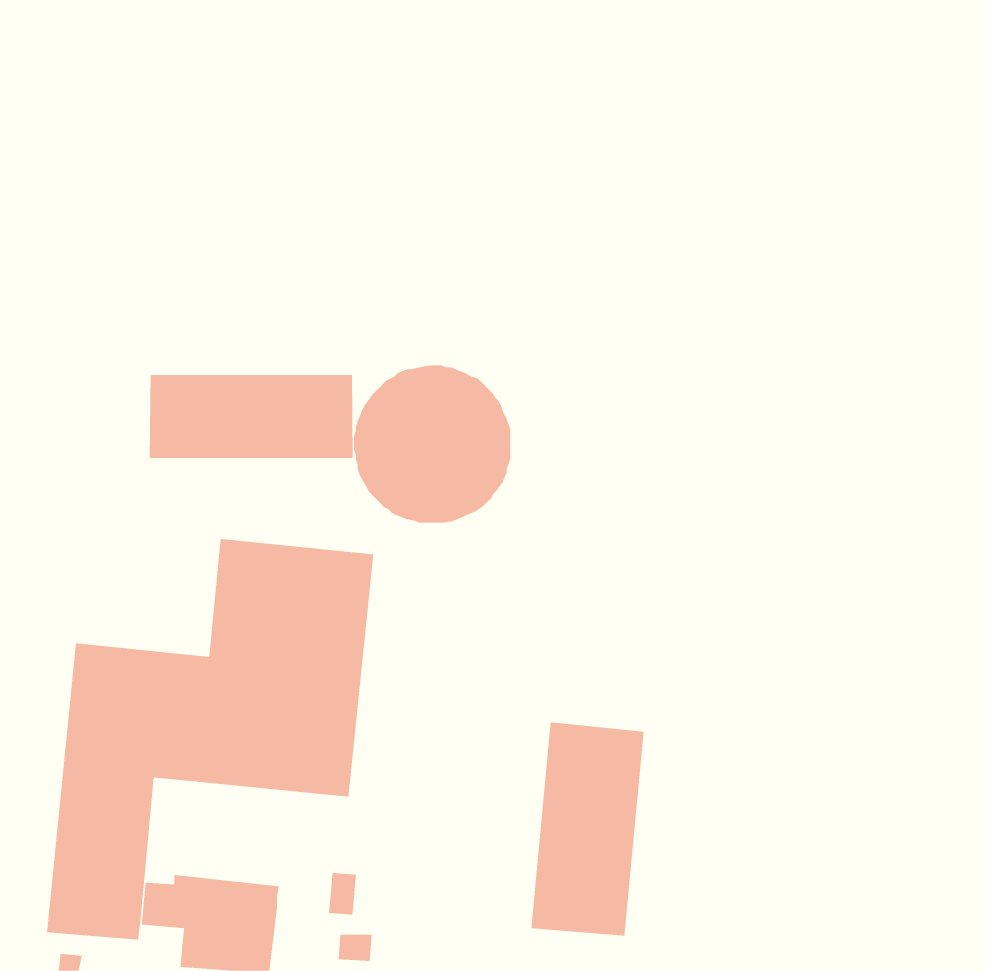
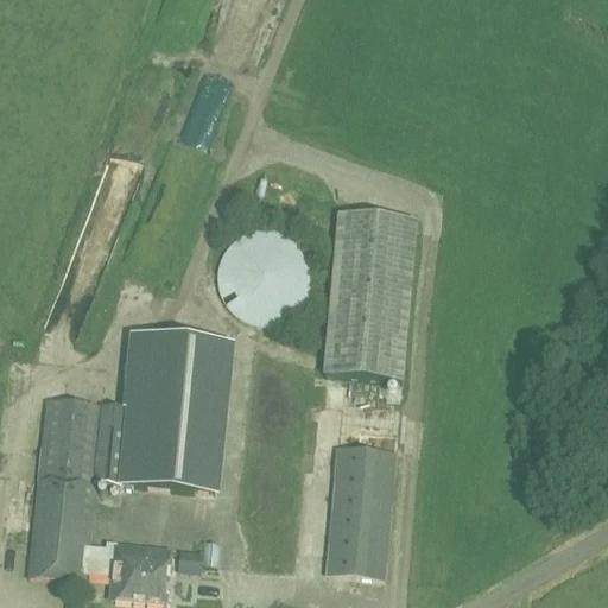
building: none -> [324,209,418,378]
building: [149,374,353,459] -> none

